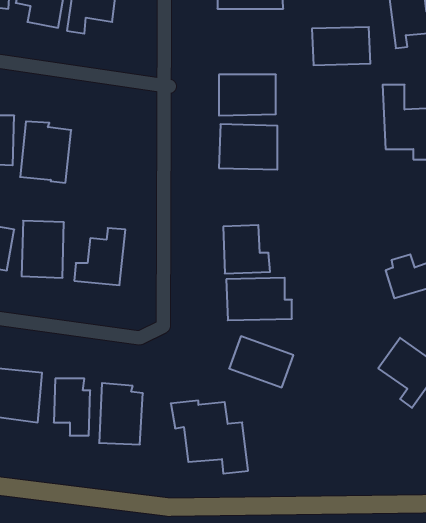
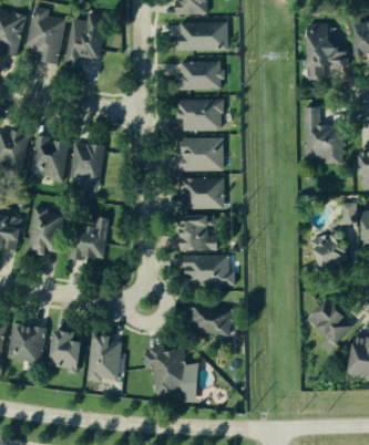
building: [312,27,370,65] -> [178,61,223,90]
building: none -> [66,143,103,190]
building: none -> [182,178,224,209]

